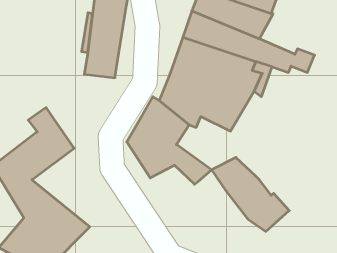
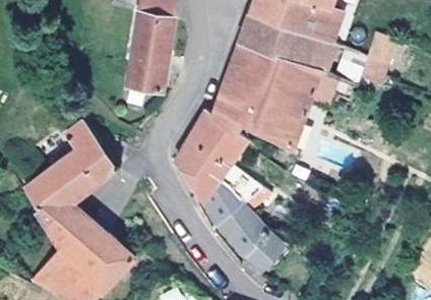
building: [211,157,289,231] -> [202,188,290,272]

